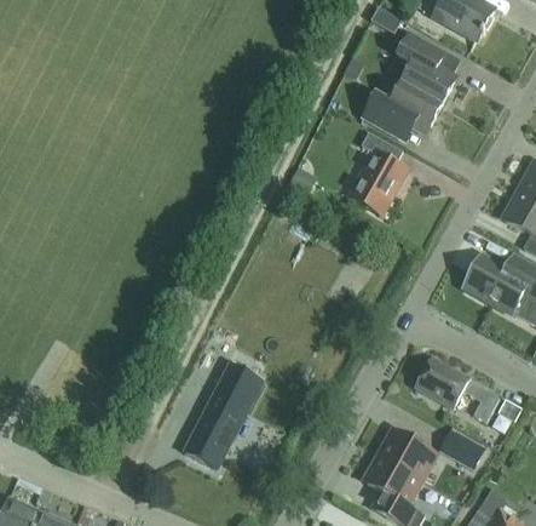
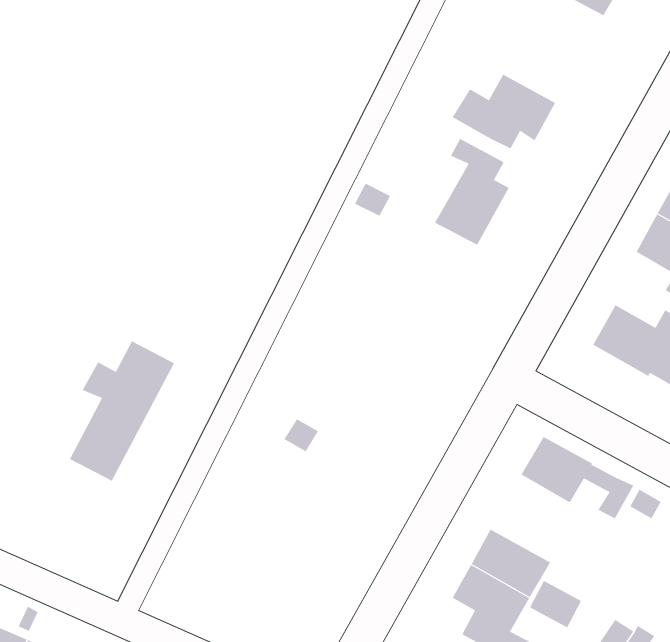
building: [398,33,457,105] -> none
building: [184,362,264,469] -> [69,341,175,482]
building: [445,430,485,467] -> [529,580,582,628]

